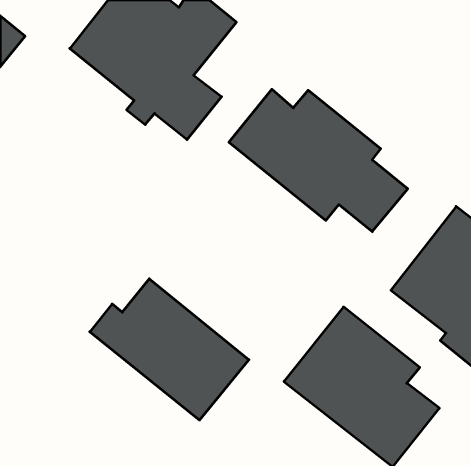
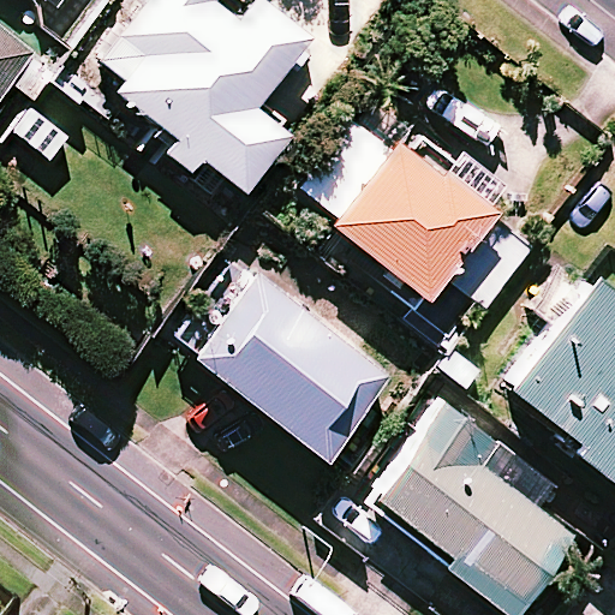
building: [90,279,249,420] -> [185,277,390,460]

